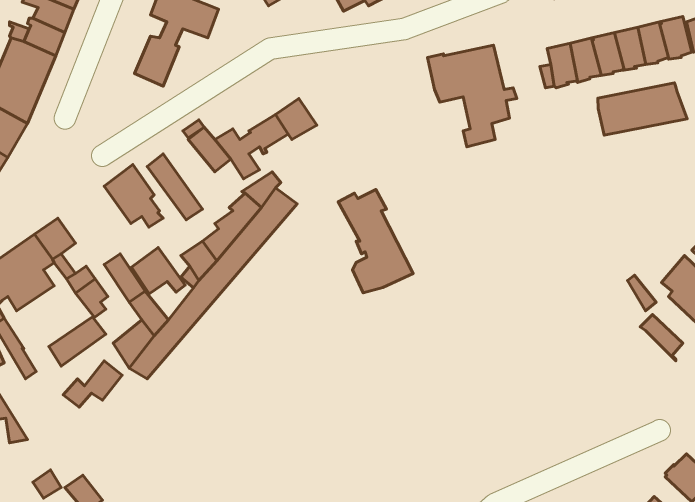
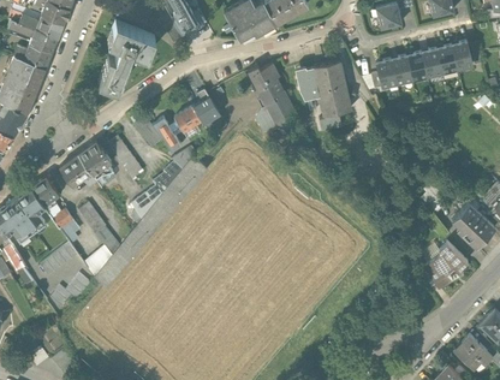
building: [598,83,687,135] -> none
building: [338,189,413,293] -> [248,63,298,132]
building: [131,248,185,294] -> [60,155,96,186]
building: none -> [423,253,463,289]

